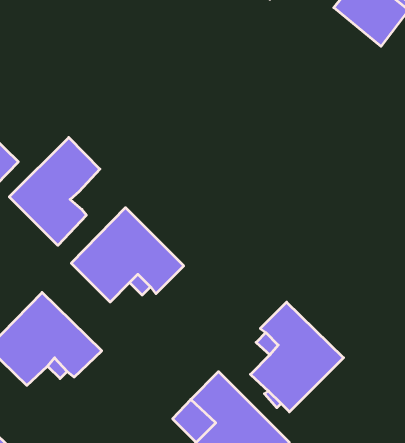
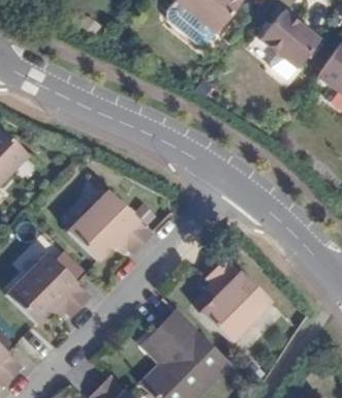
building: [9,137,100,245] -> none

